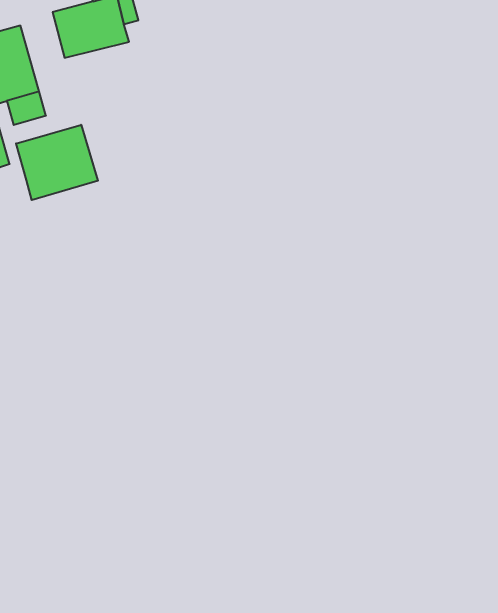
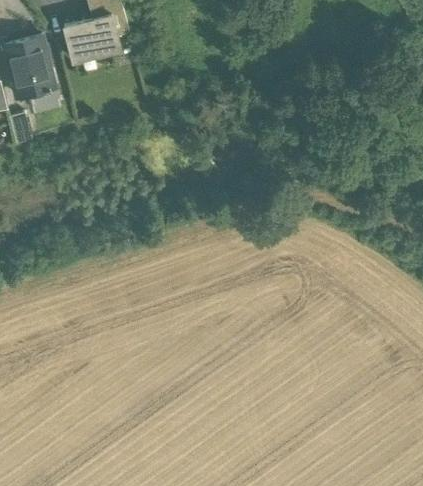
building: [16,125,98,200] -> none

